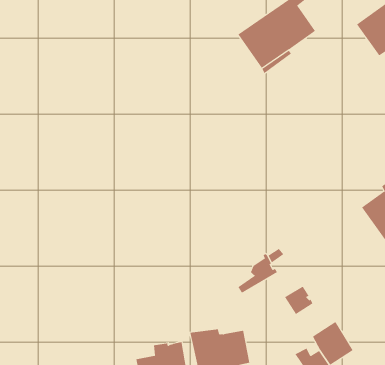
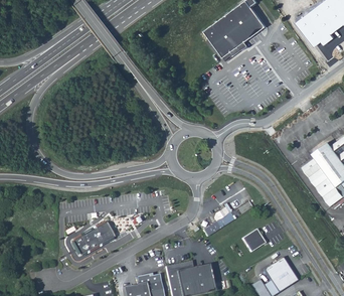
building: none -> [67,224,110,257]

